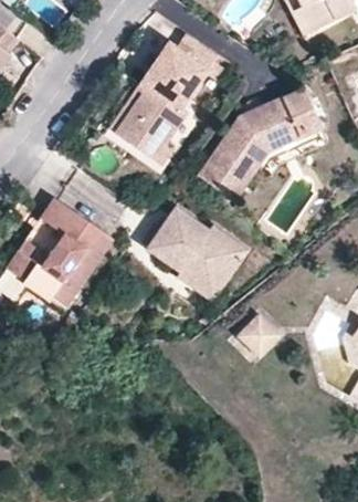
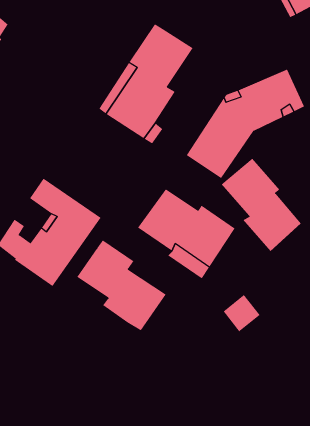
building: none -> [221,158,302,252]
building: none -> [76,240,166,331]

